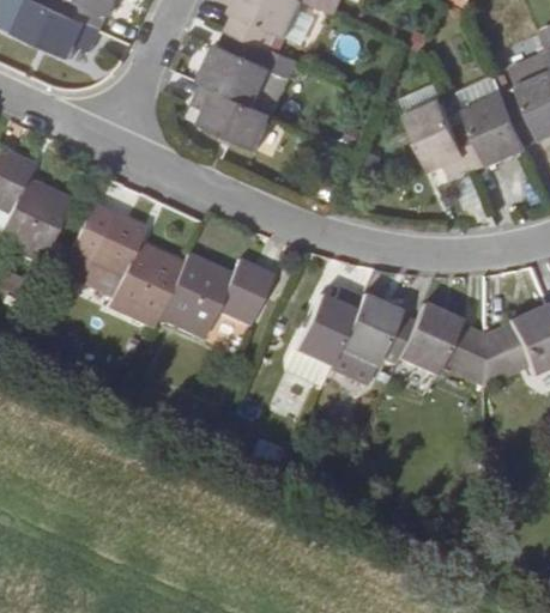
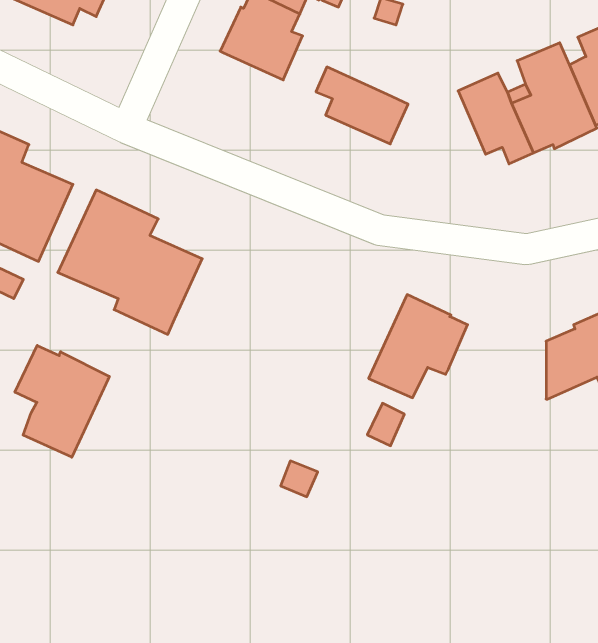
building: [193,81,273,148] -> [316,67,408,144]
building: [159,253,274,338] -> none
building: [295,285,362,365] -> none
building: [399,302,484,383] -> none
building: none -> [15,345,109,457]

